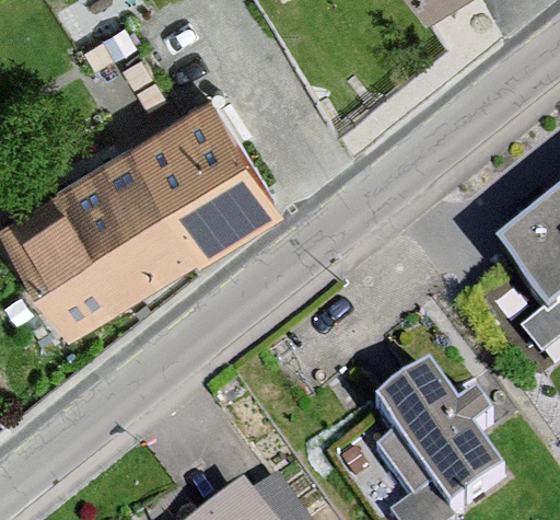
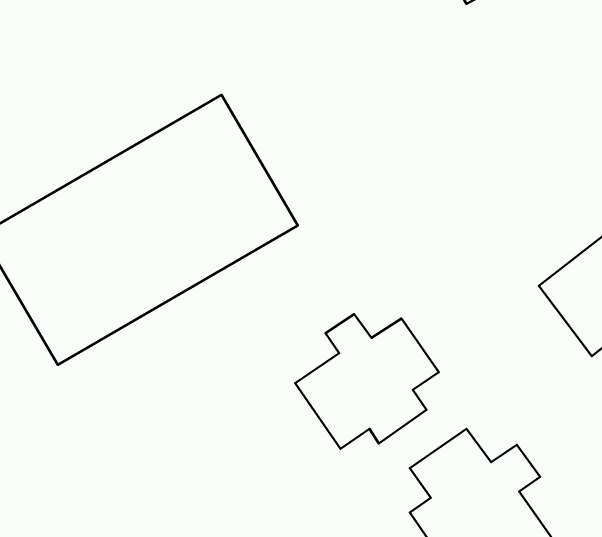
building: none -> [295,314,439,449]

